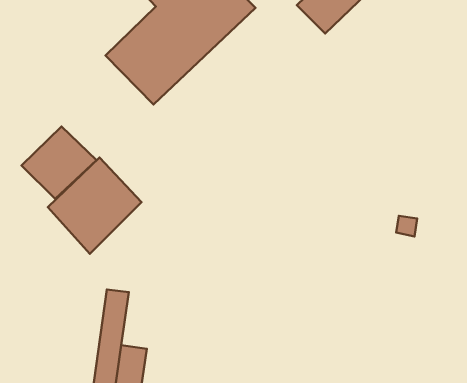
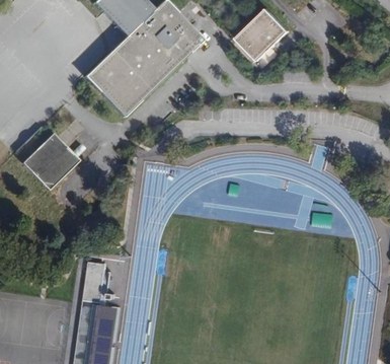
building: [48,157,142,254] -> none

